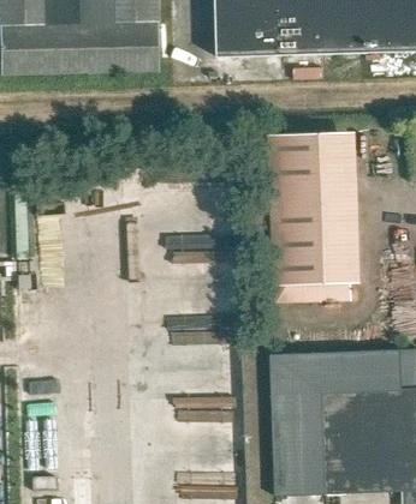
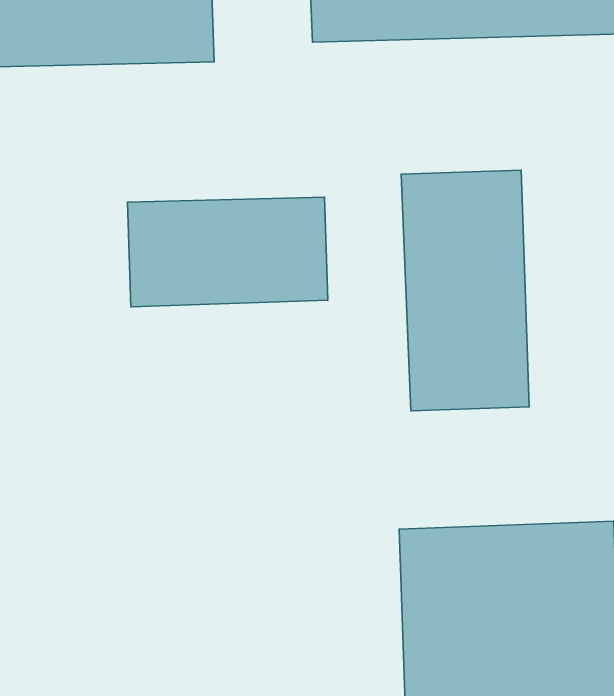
building: none -> [127,197,328,307]

